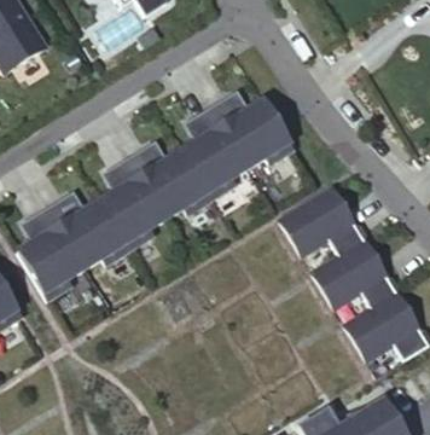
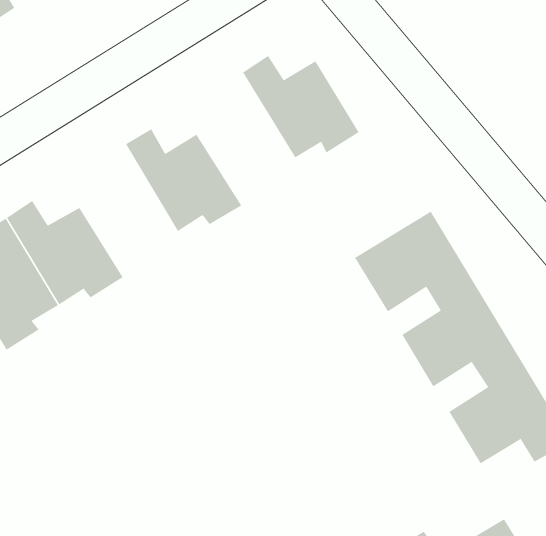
building: [172,95,239,187] -> none
building: [91,145,158,237] -> none

